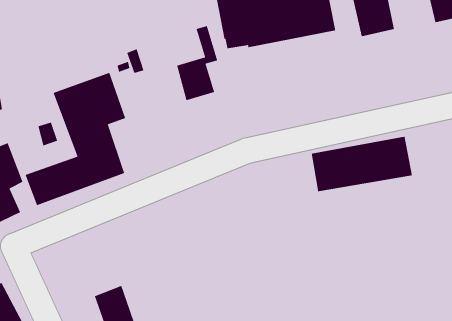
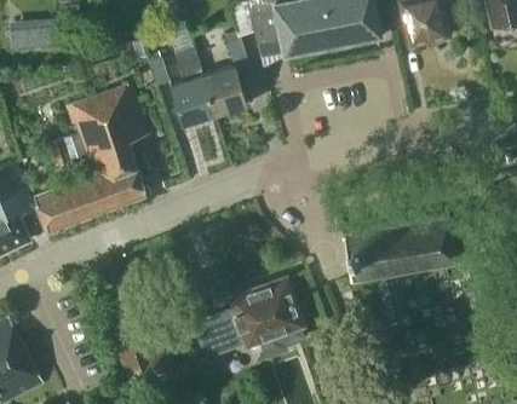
building: none -> [17,17,63,47]
building: none -> [171,50,214,126]
building: [311,136,413,192] -> [343,215,456,278]
building: none -> [194,281,301,357]

